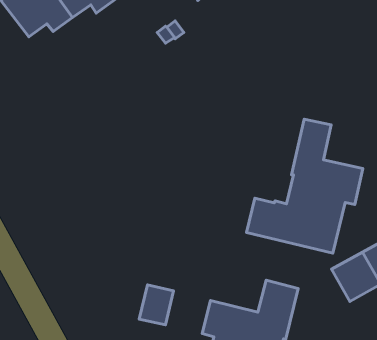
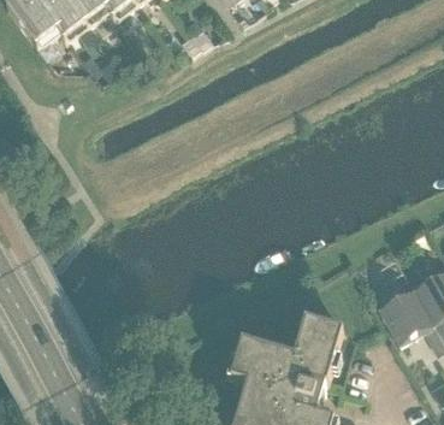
building: [247,119,363,253] -> none
building: [139,285,174,325] -> none

